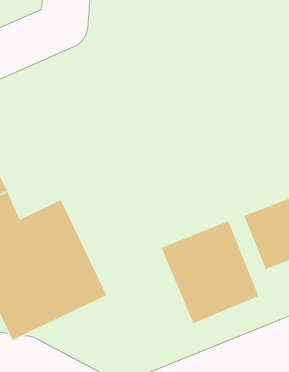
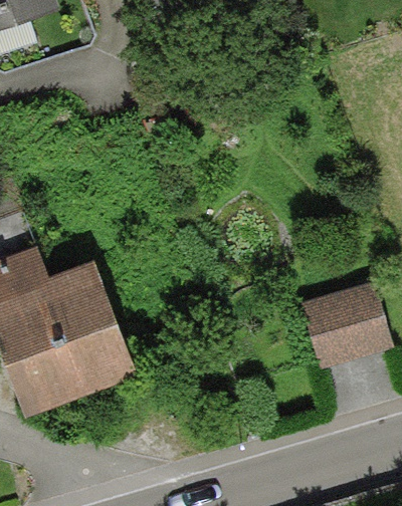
building: [161,220,259,324] -> none

